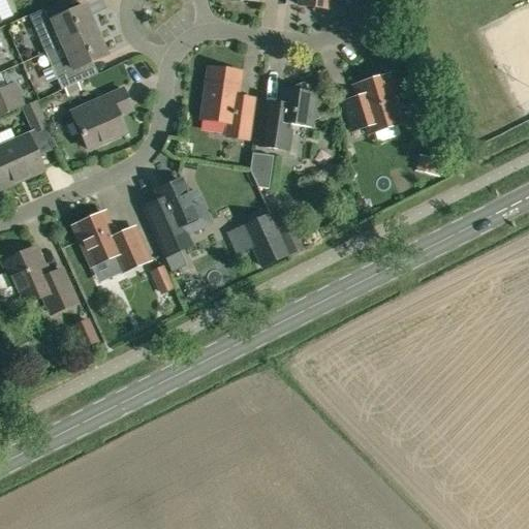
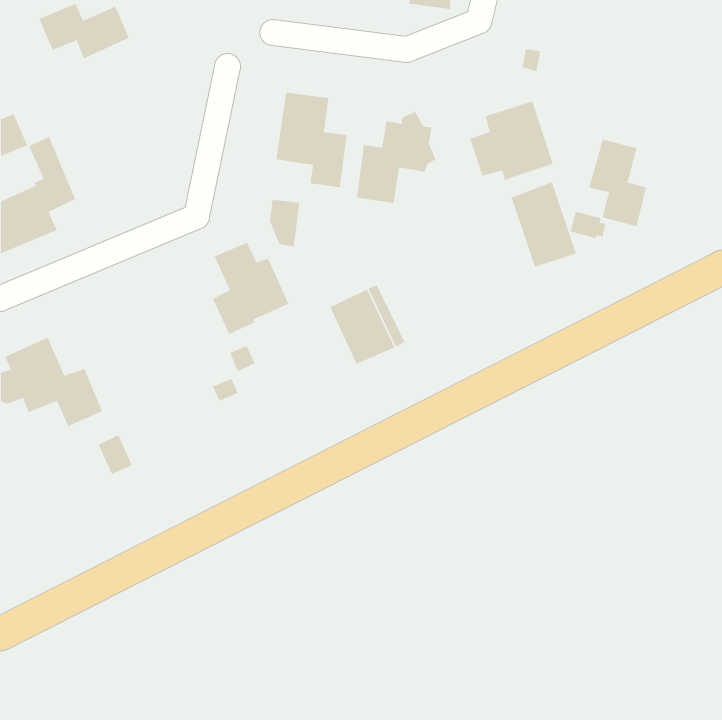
building: [51,28,106,88] -> none
building: [75,87,129,148] -> none
building: none -> [588,139,647,227]
building: none -> [510,181,577,268]
building: [250,152,273,187] -> [269,199,300,247]
building: [73,211,149,271] -> none

